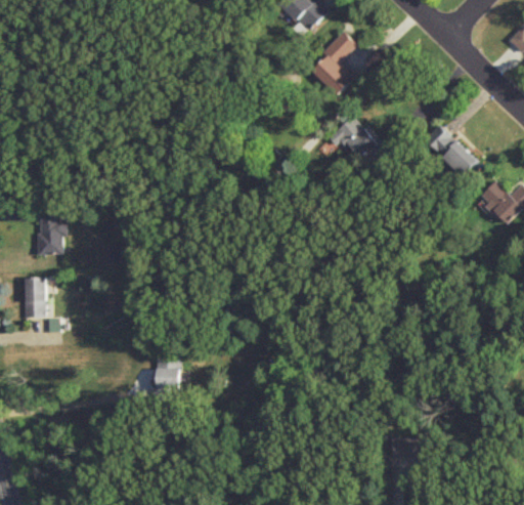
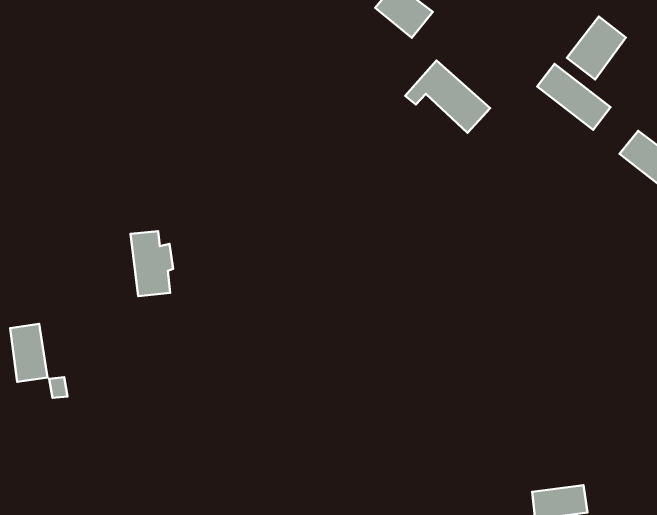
building: none -> [567,17,626,80]
building: [37,209,66,255] -> [131,231,173,296]
building: [157,352,182,390] -> none

